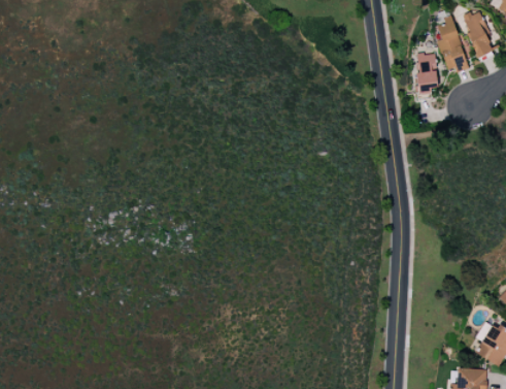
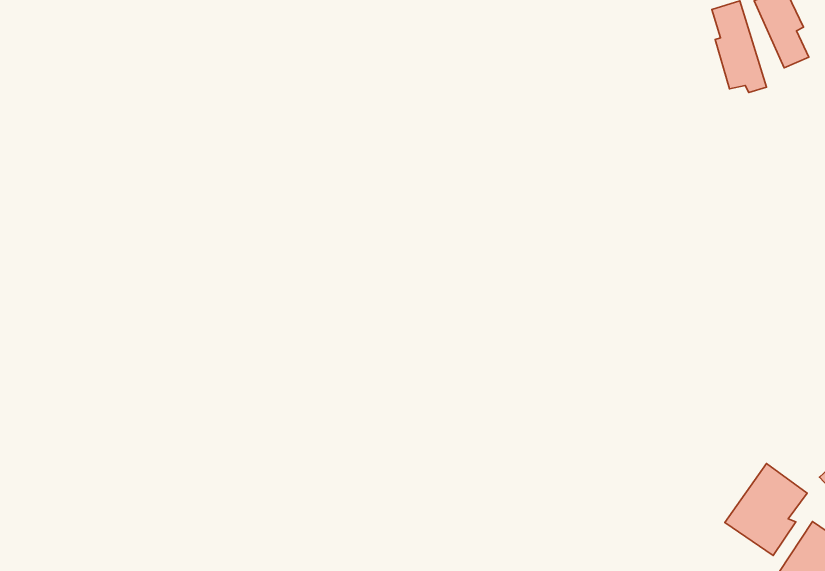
building: [415,53,437,98] -> none
building: none -> [725,464,807,555]

